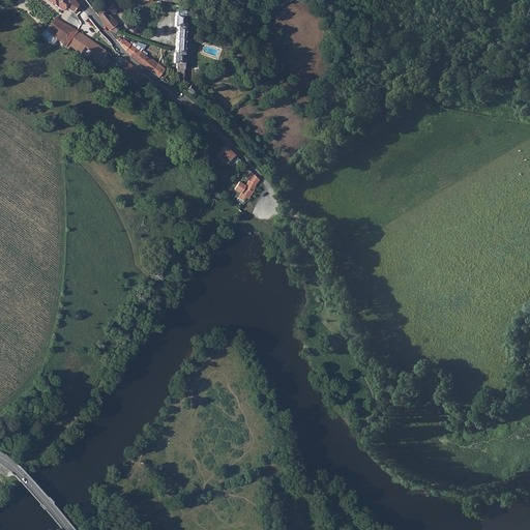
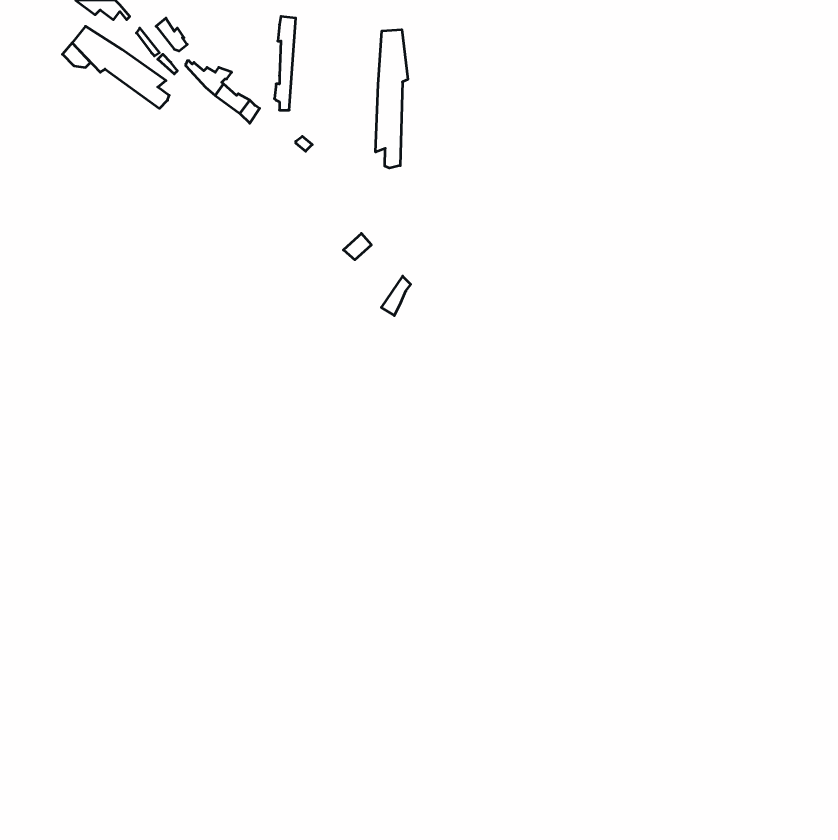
building: none -> [376,30,408,168]

